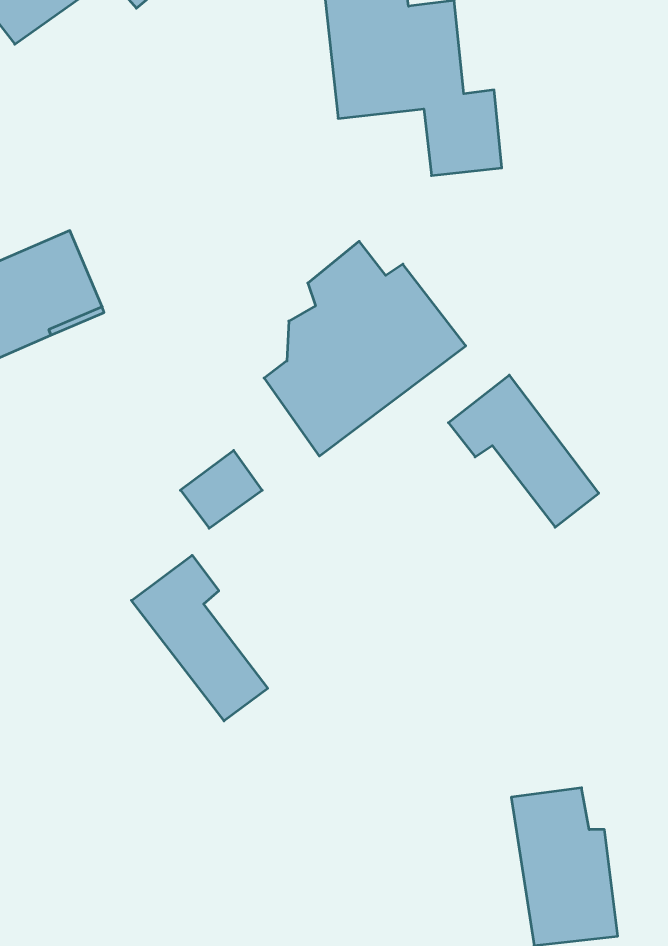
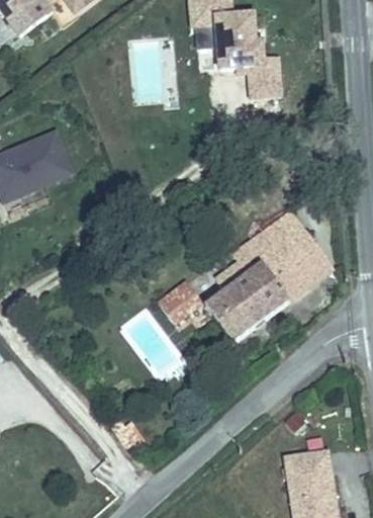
building: [264,241,466,456] -> [201,234,308,348]
building: [180,450,262,528] -> [155,282,198,324]
building: [131,555,268,721] -> none

